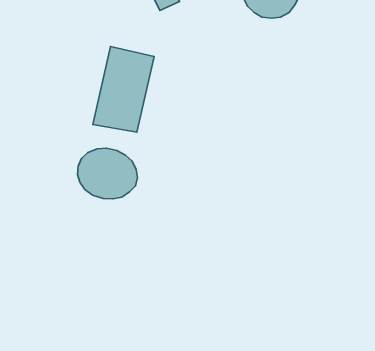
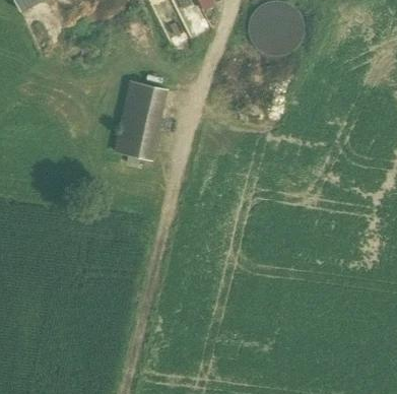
building: [77,148,138,199] -> none

